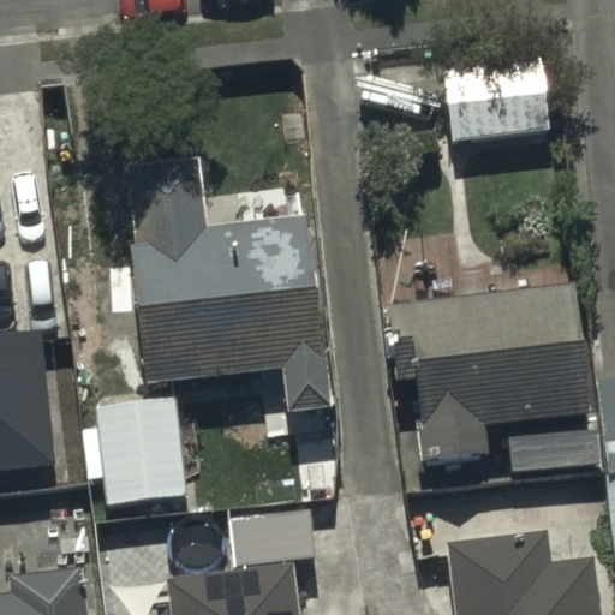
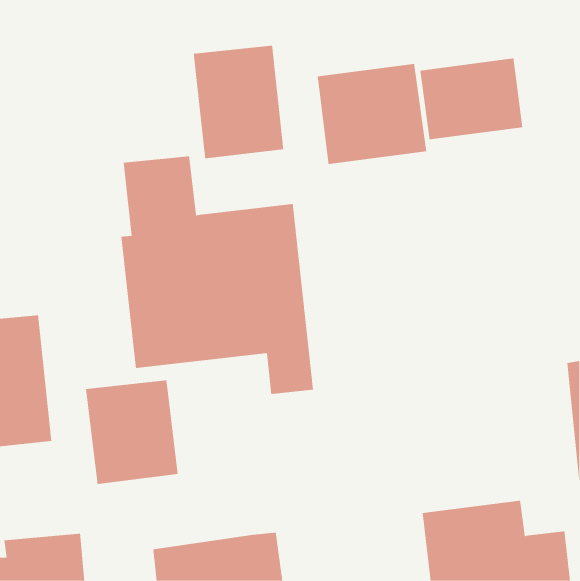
building: none -> [193,45,284,159]
building: none -> [317,63,427,165]
building: [384,282,593,467] -> none

